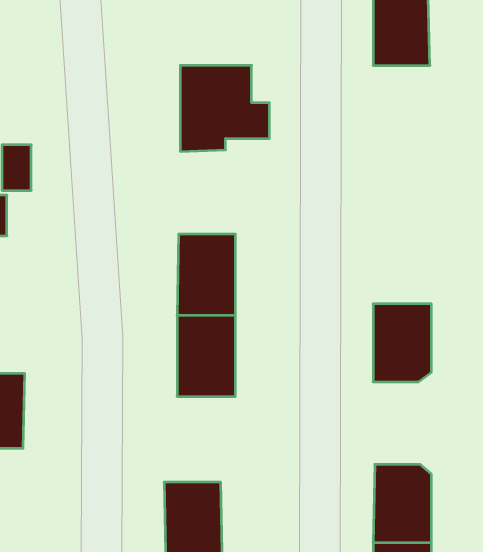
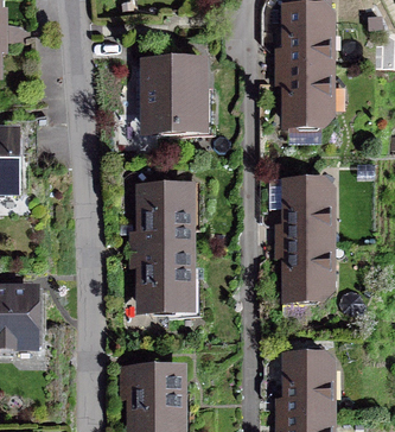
building: none -> [285,68,326,126]
building: none -> [285,185,327,242]

